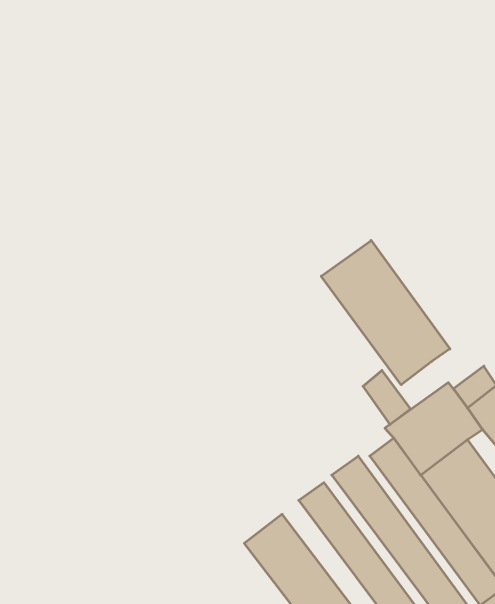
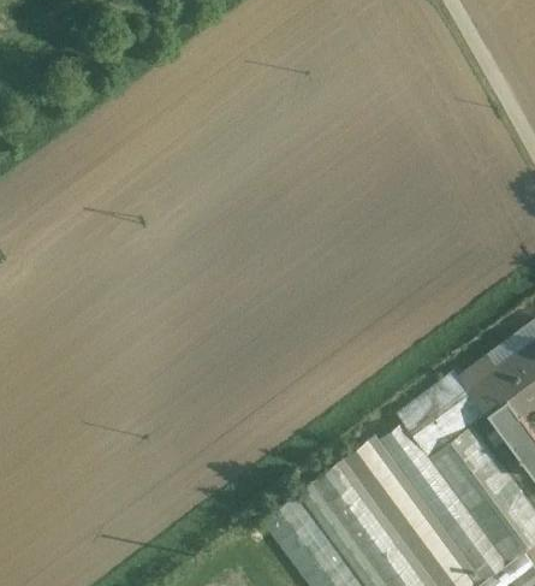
building: [321,240,450,385] -> none
building: [363,370,410,425] -> none

